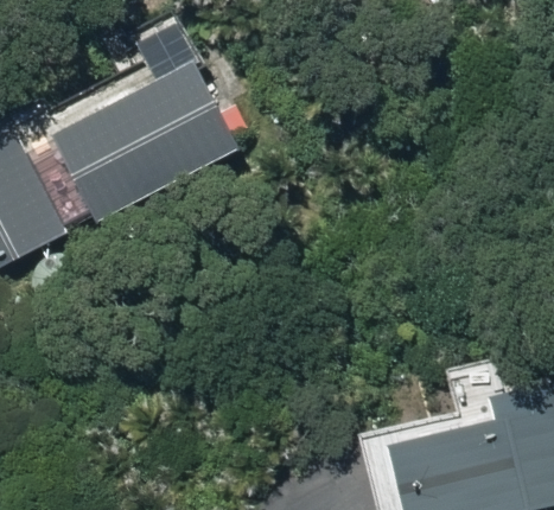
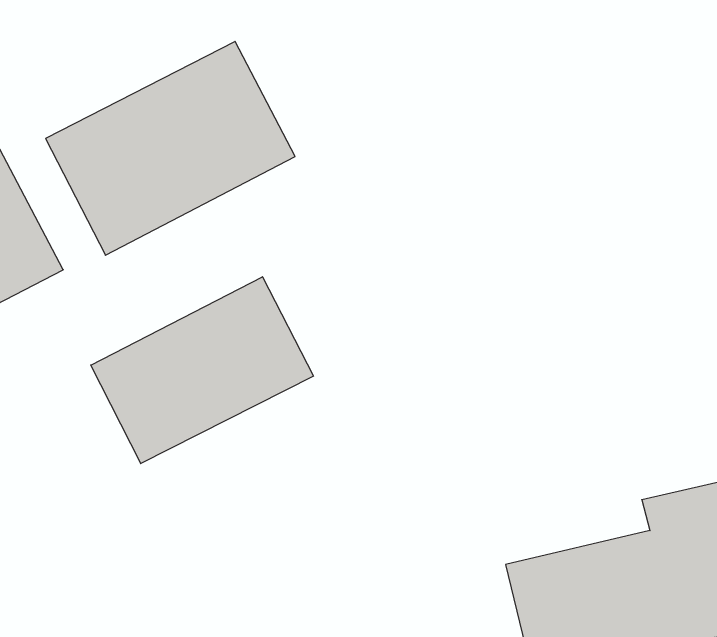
building: none -> [91,277,313,464]

